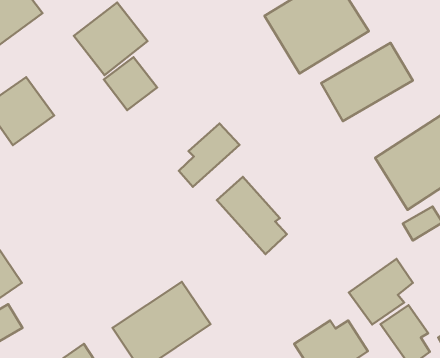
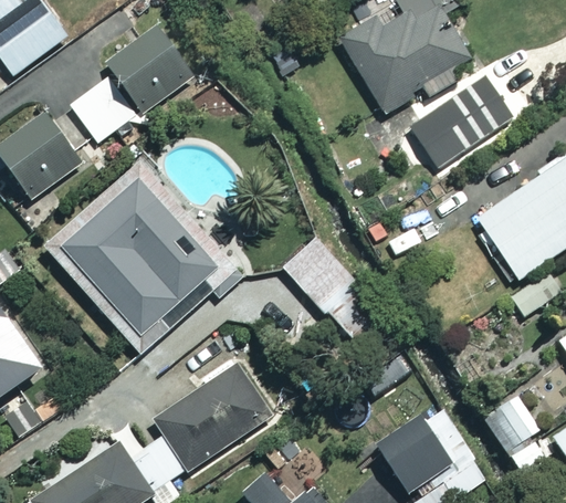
building: [104,57,157,110] -> [70,78,135,144]
building: none -> [45,161,237,354]
building: [179,123,240,187] -> none
building: [349,259,413,325] -> none

